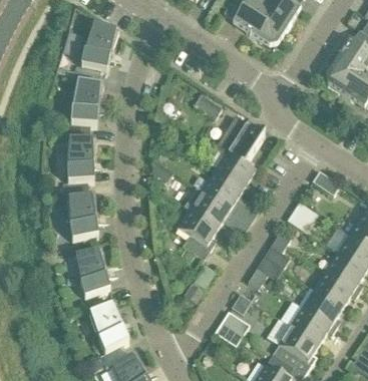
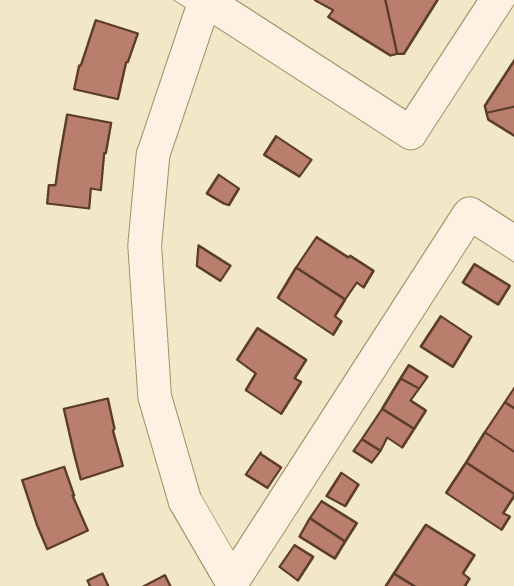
building: [216,114,265,164] -> none
building: [67,137,96,180] -> none
building: [186,185,236,226] -> none
building: [68,194,99,239] -> none
building: [90,303,129,352] -> [22,467,88,549]
building: [291,305,336,342] -> none

